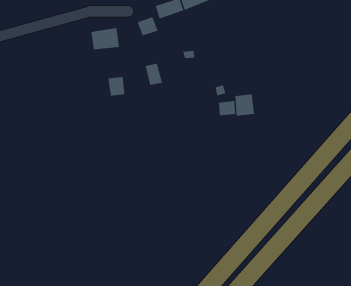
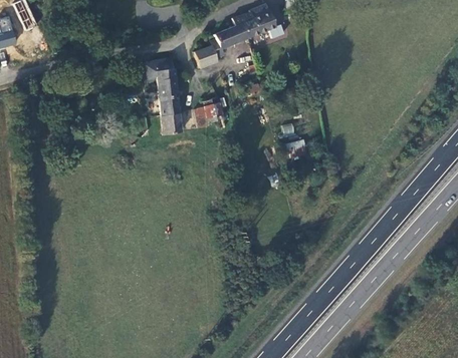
building: none -> [157,80,179,115]
building: [235,94,255,117] -> none

